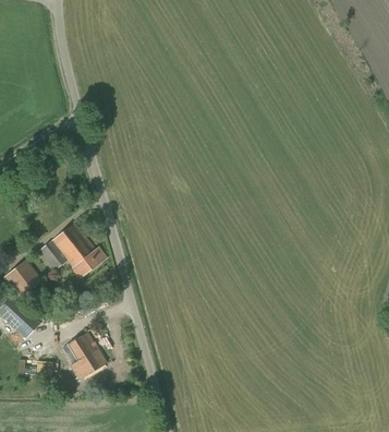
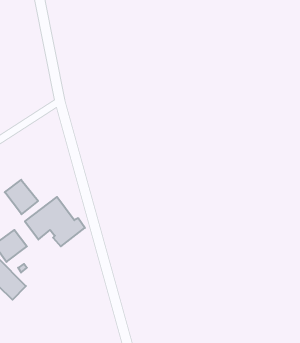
building: none -> [5,180,38,214]
building: [62,333,107,381] -> none

